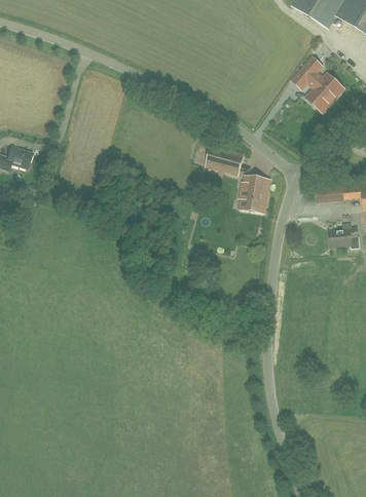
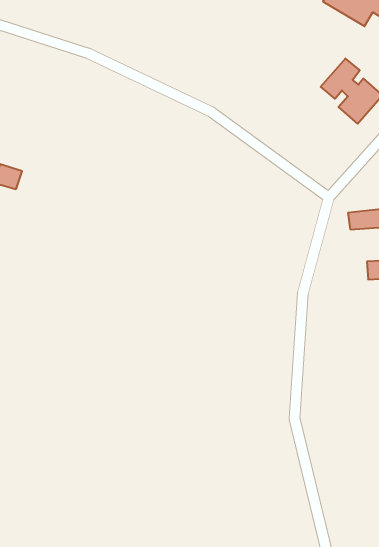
building: [205,144,244,176] -> none
building: [240,175,270,213] -> none

